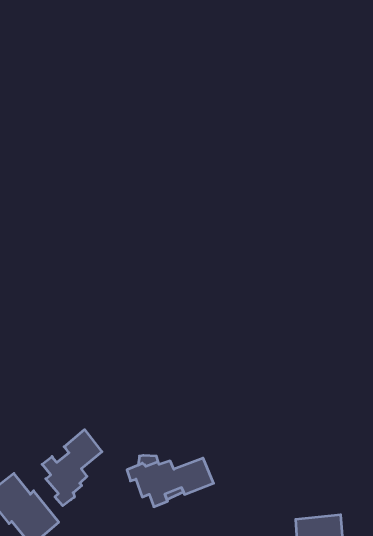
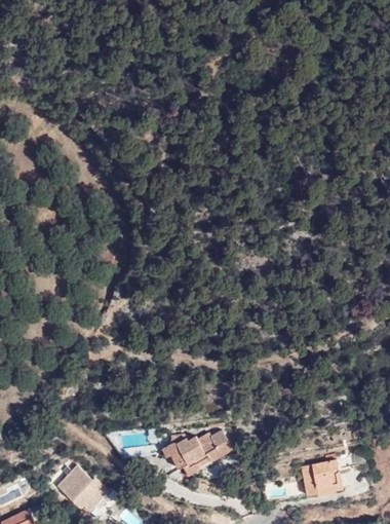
building: [42,430,102,506] -> none

